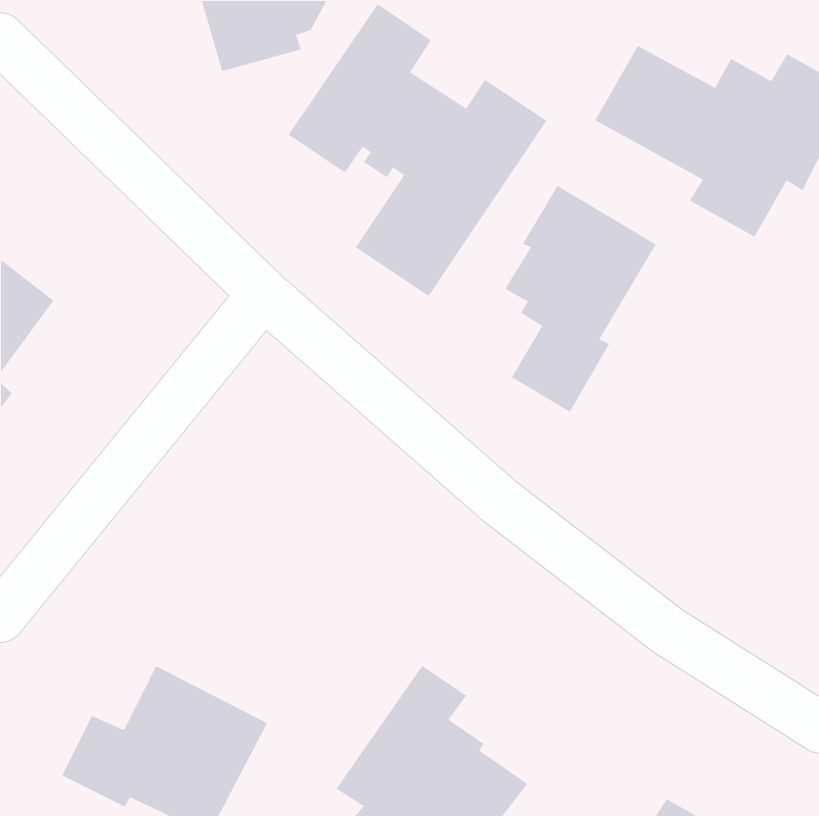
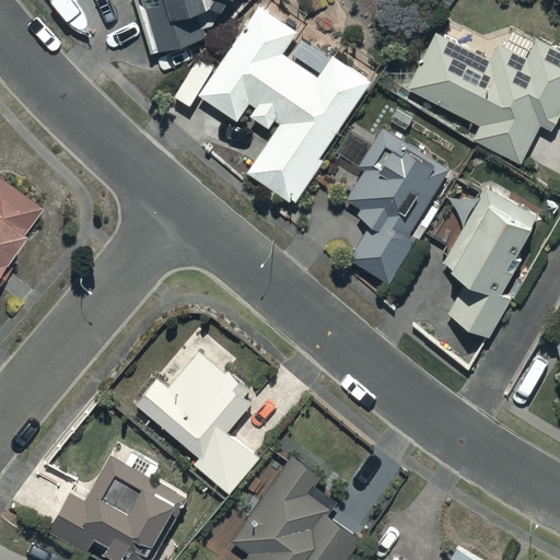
building: none -> [441,182,548,339]
building: none -> [133,349,259,498]

